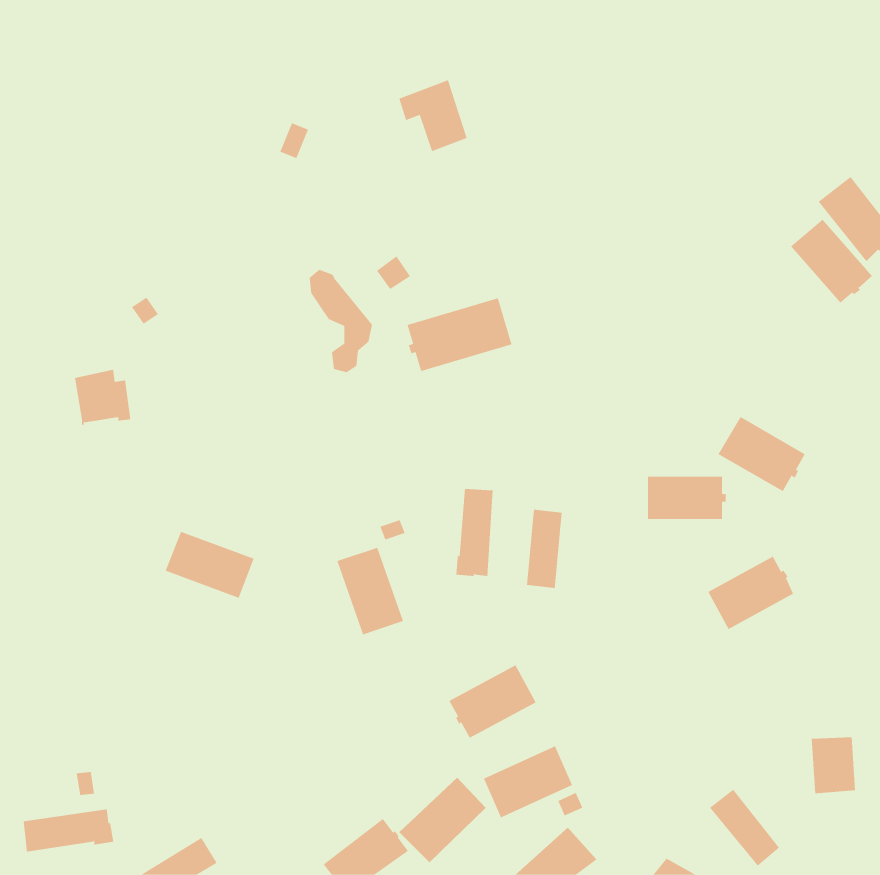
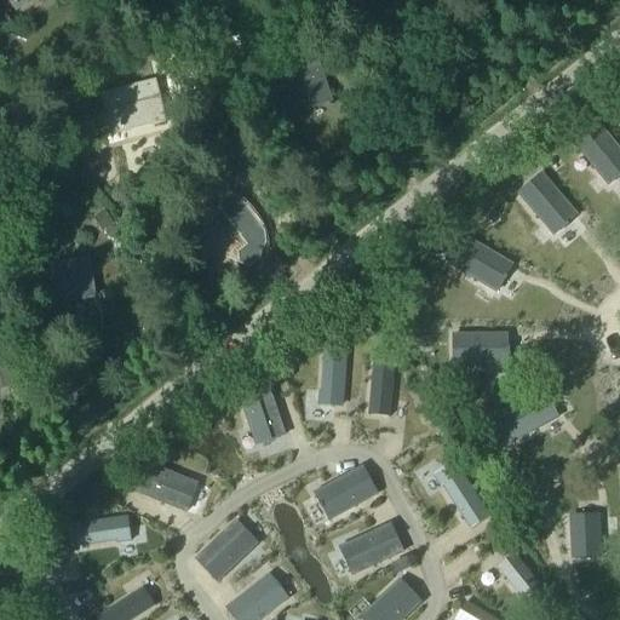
building: none -> [102,79,166,131]
building: [790,219,873,304] -> [518,174,576,234]
building: [407,298,512,372] -> none
building: [718,416,806,492] -> [450,237,512,291]
building: [165,531,255,598] -> [134,463,197,510]
building: none -> [435,461,490,528]
building: [398,777,486,863] -> [196,521,258,581]
building: [23,809,114,852] -> [68,516,132,546]

